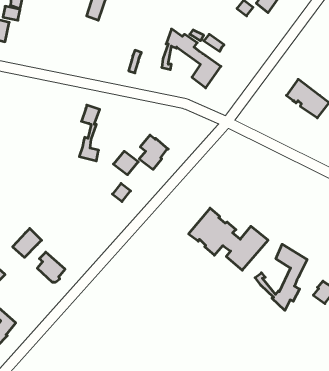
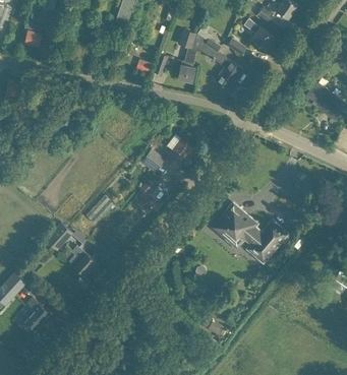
building: none -> [244,18,275,49]
building: [79,105,100,161] -> [177,29,196,82]
building: [255,244,307,310] -> none

